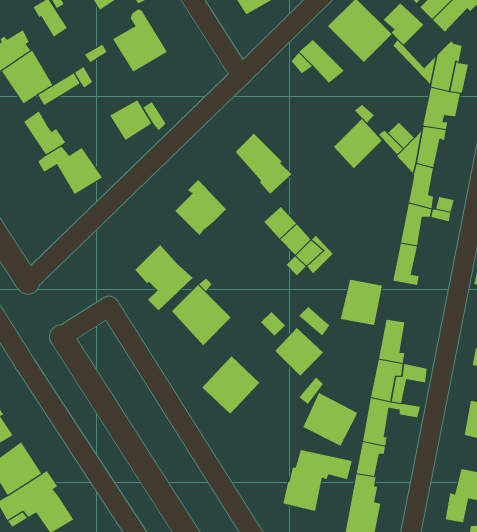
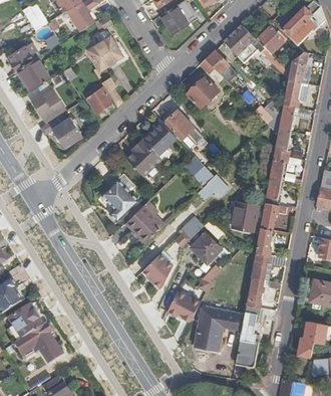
building: [333,118,382,169] -> [187,75,218,108]
building: none -> [141,120,177,155]
building: none -> [260,202,285,228]
building: [302,392,358,446] -> [169,286,204,321]

